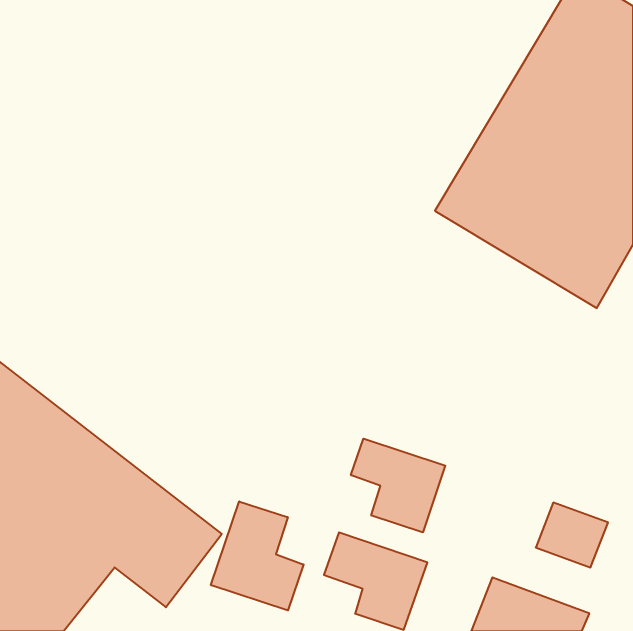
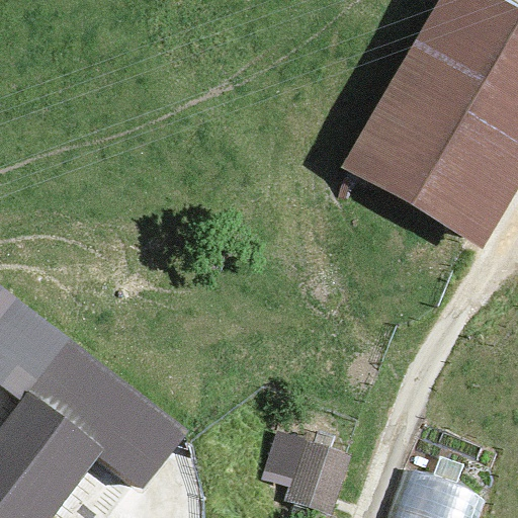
building: [351,439,445,532] -> none
building: [211,501,304,610] -> none

